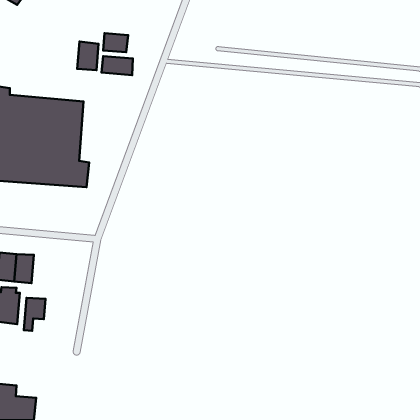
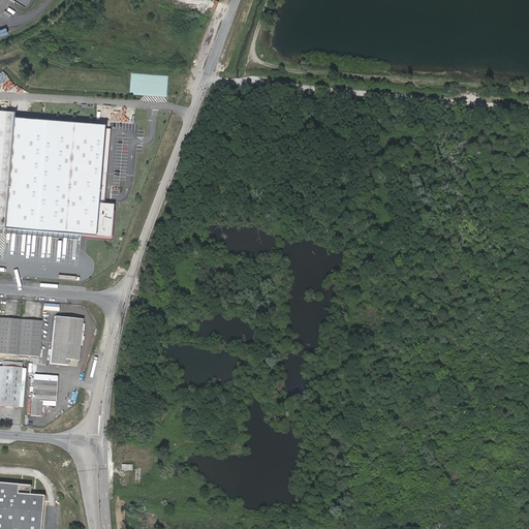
building: [103,33,128,52] -> none
building: [77,42,98,70] -> none
building: none -> [49,315,83,365]

